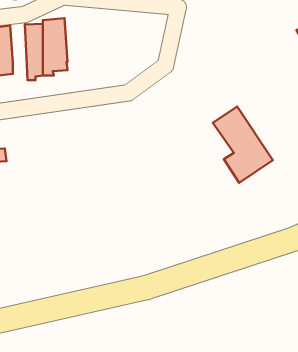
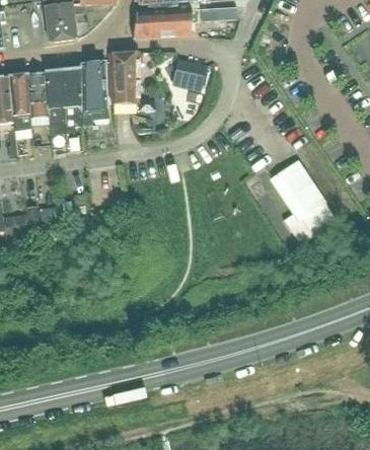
building: none -> [109,51,138,103]
building: none -> [173,58,207,90]
building: none -> [46,68,65,132]

